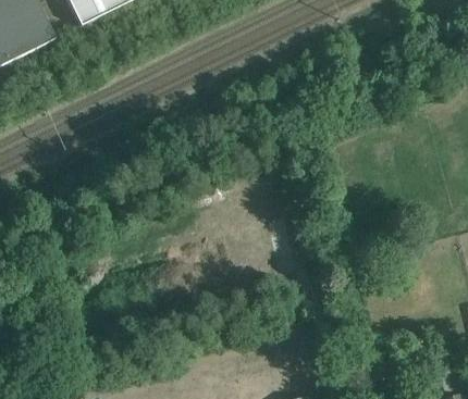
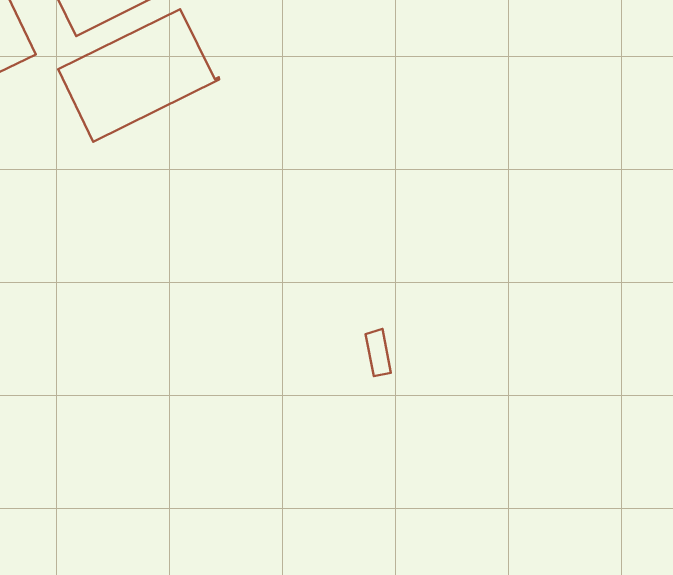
building: none -> [58,9,219,142]

